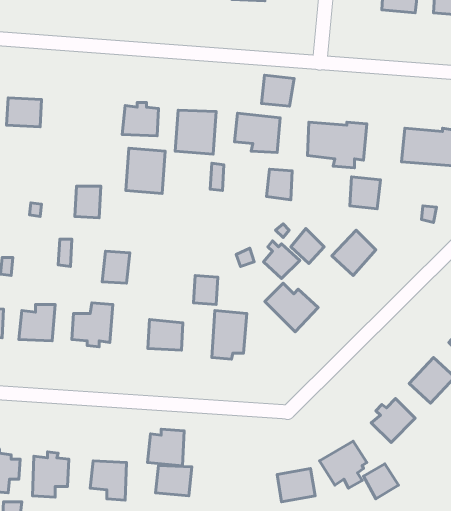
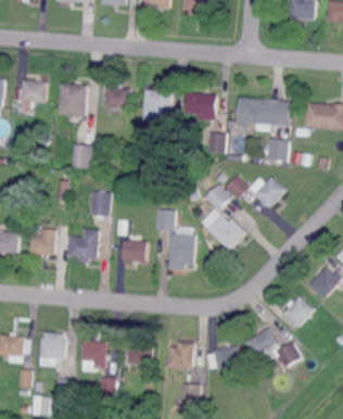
building: [262,75,294,106] -> none
building: [126,148,165,194] -> [59,84,87,116]
building: [148,429,184,466] -> [168,343,194,369]

